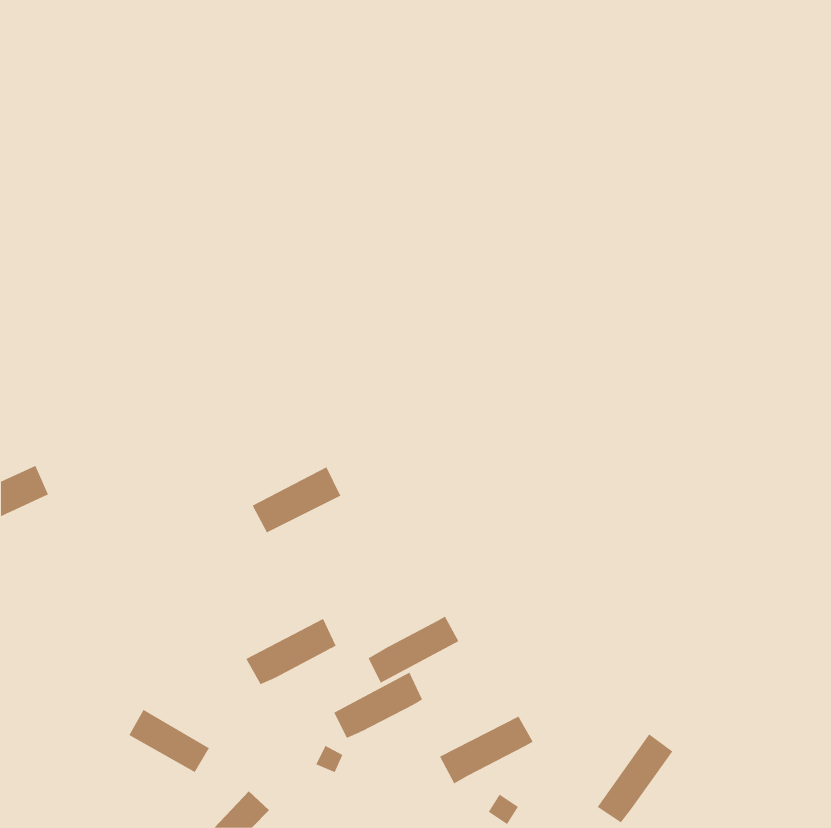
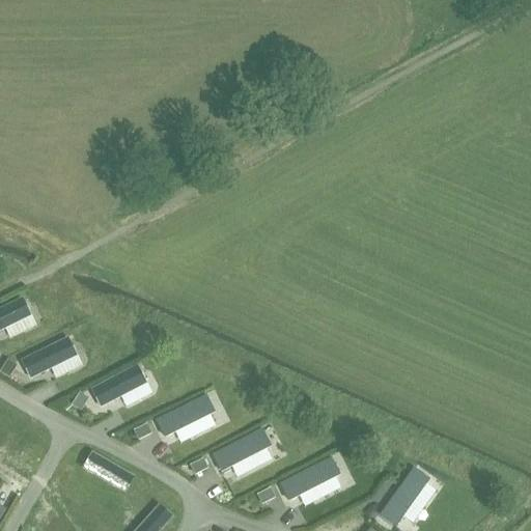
building: [252,467,341,533] -> [90,364,147,407]
building: none -> [22,337,78,379]
building: [368,616,459,683] -> none

